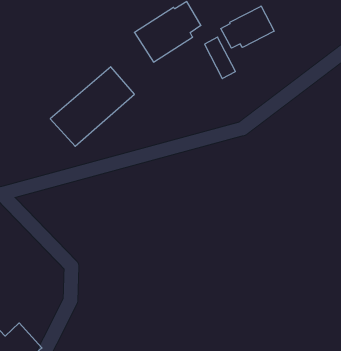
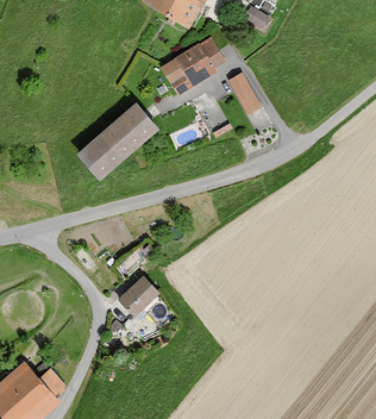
building: [221,6,274,48] -> none
building: none -> [115,273,159,317]

